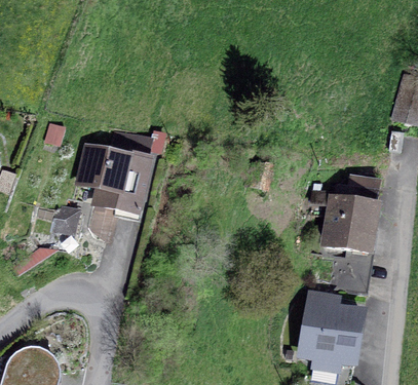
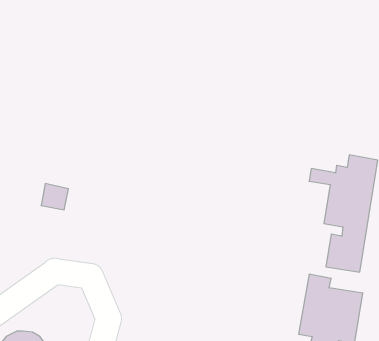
building: [78,130,154,241] -> none

